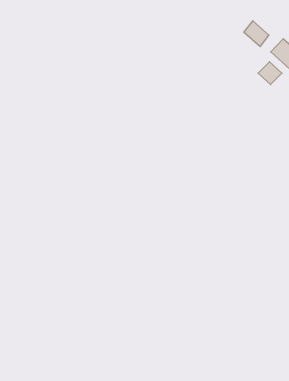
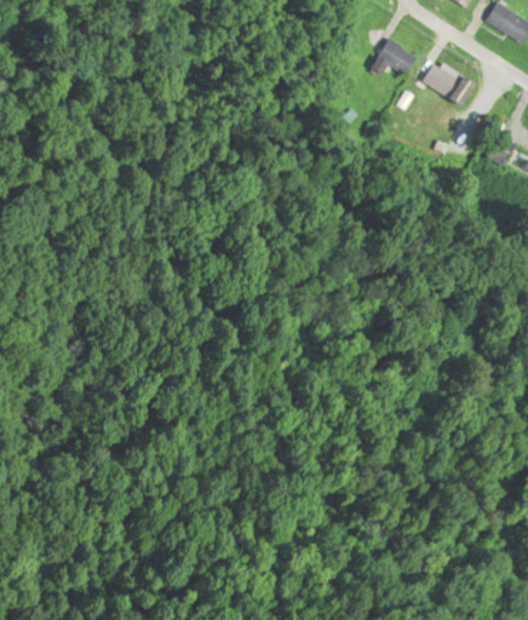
building: [258,62,282,85] -> none

